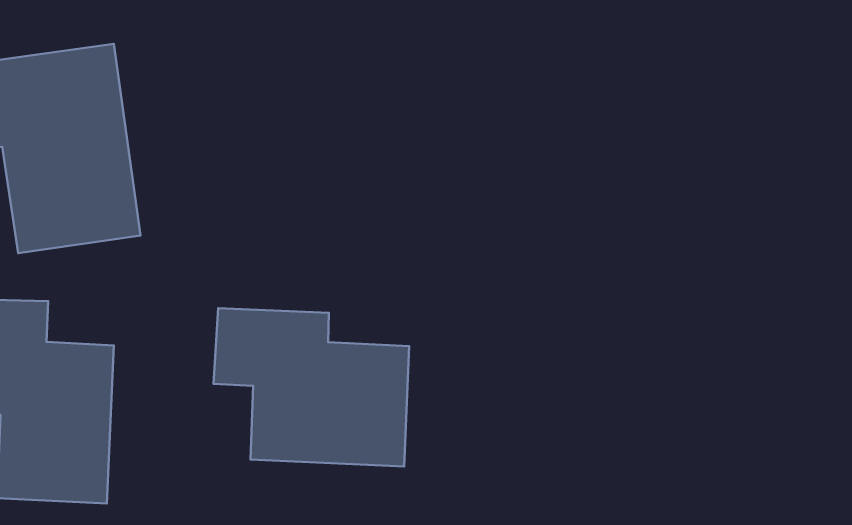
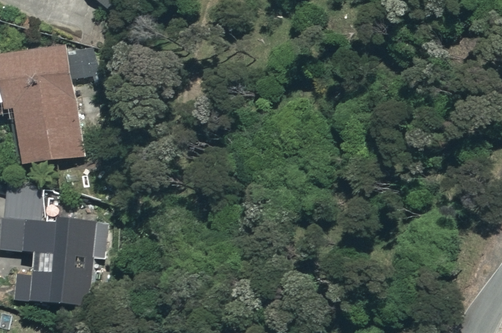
building: [214,308,409,466] -> none

